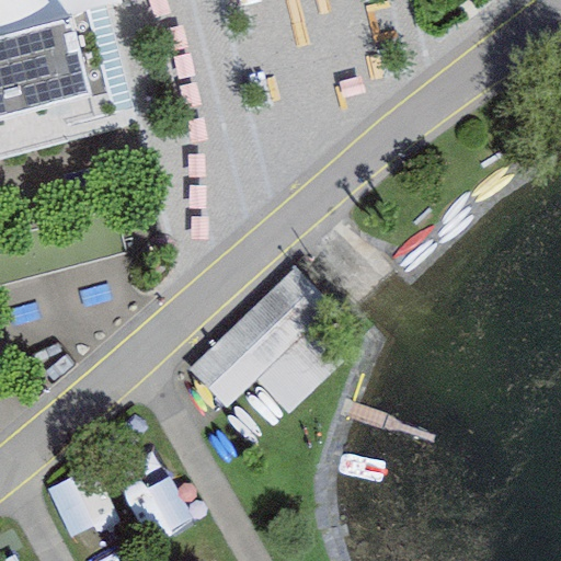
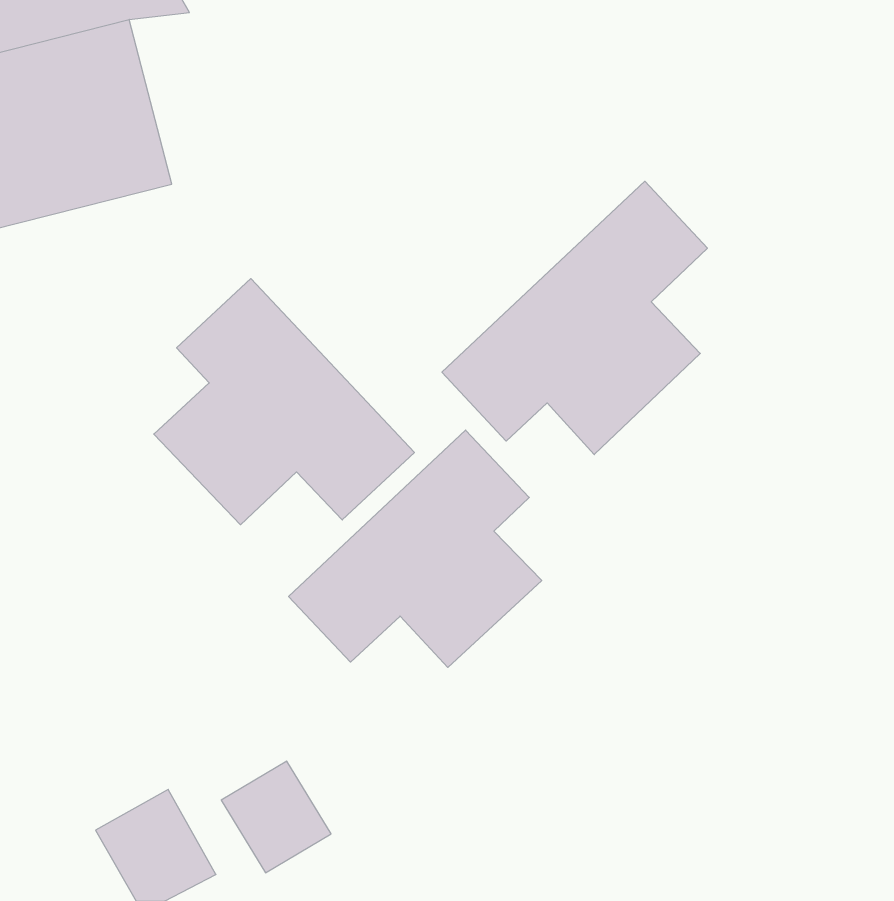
building: none -> [442,181,707,455]
building: none -> [154,279,414,525]

